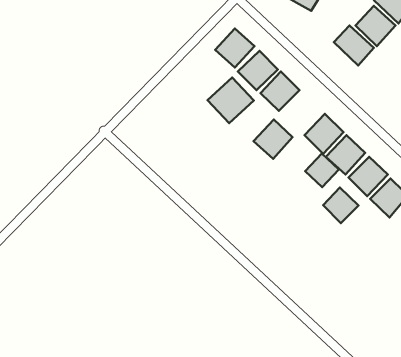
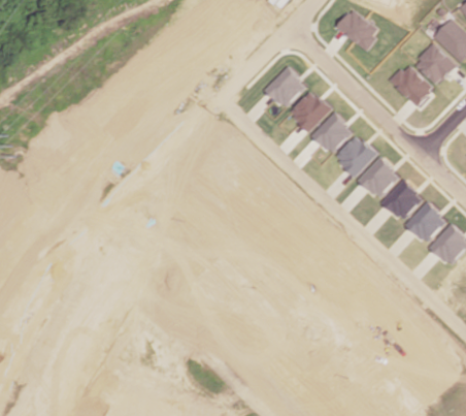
building: [207,78,254,123] -> none
building: [253,120,293,159] -> [335,135,376,177]
building: [305,154,339,187] -> none
building: [323,188,359,223] -> none

